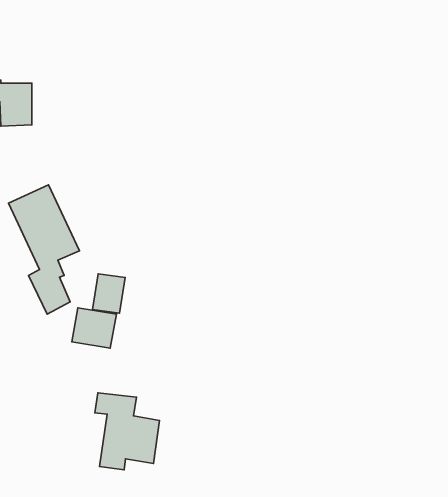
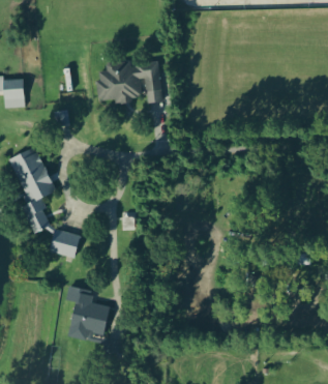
building: none -> [95,60,162,104]
building: [92,274,125,313] -> none

